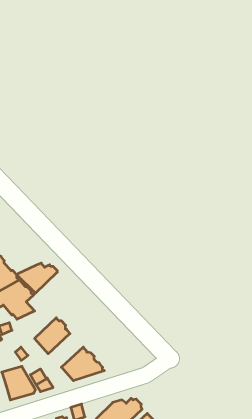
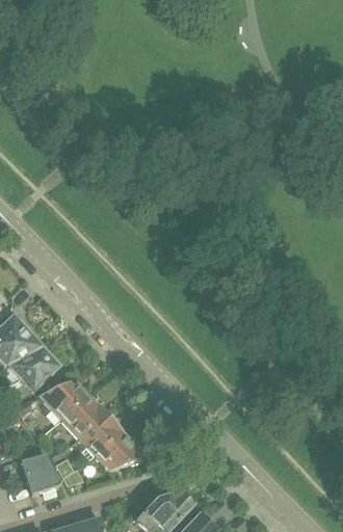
building: [17,263,57,293] -> [37,382,87,420]
building: none -> [77,414,121,455]

